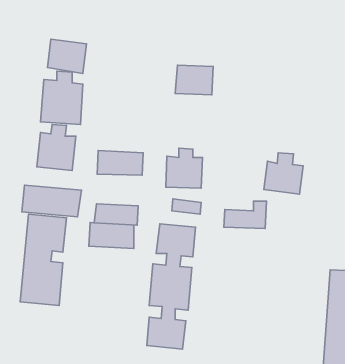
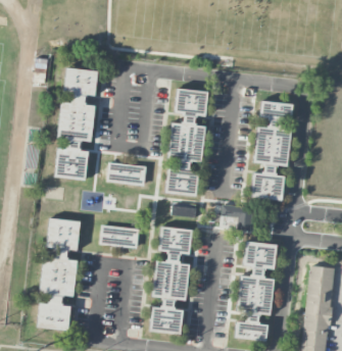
building: none -> [254,100,293,165]
building: none -> [168,114,205,162]
building: [22,185,81,217] -> none
building: [94,204,138,225] -> none
building: none -> [235,241,278,340]
building: none -> [38,295,70,330]

